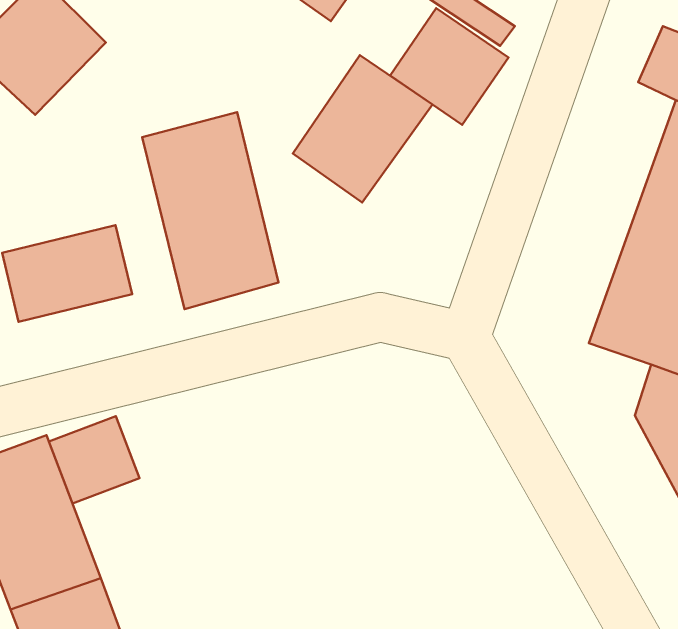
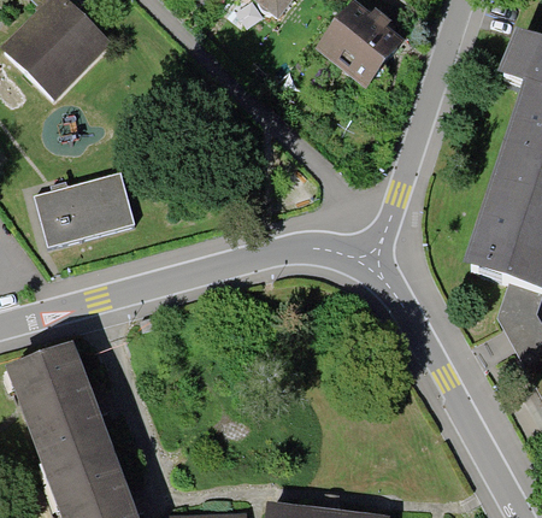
building: [293,55,433,203] -> none
building: [142,112,279,309] -> none
building: [49,416,139,504] -> none

